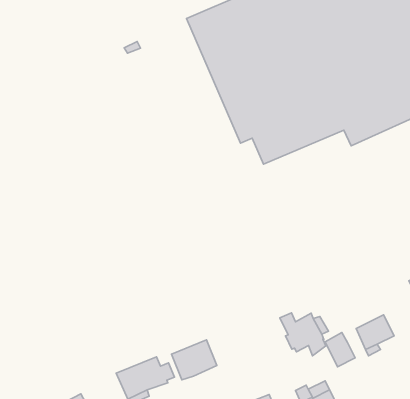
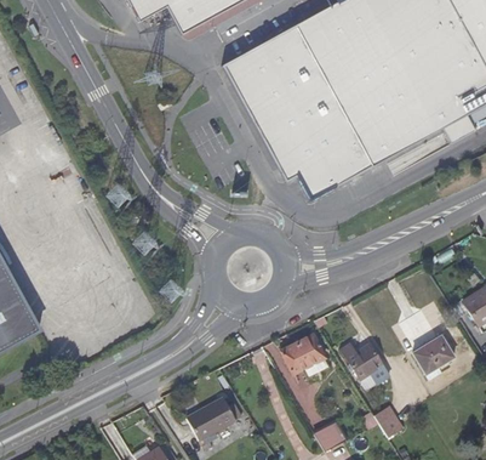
building: [325,333,355,367] -> none
building: [172,340,217,380] -> [280,331,325,373]

